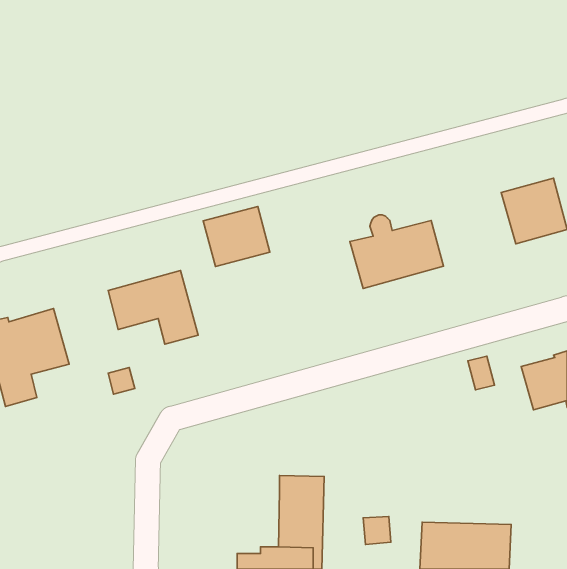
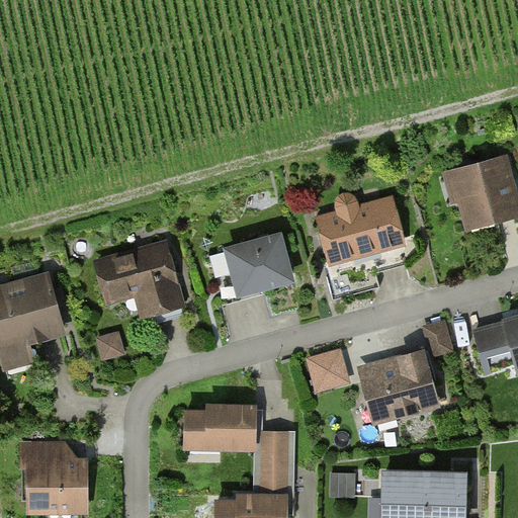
building: [203,206,270,267] -> [229,238,289,292]
building: none -> [307,343,353,390]
building: none -> [362,352,436,420]
building: none -> [185,408,254,446]
building: none -> [19,443,85,509]

